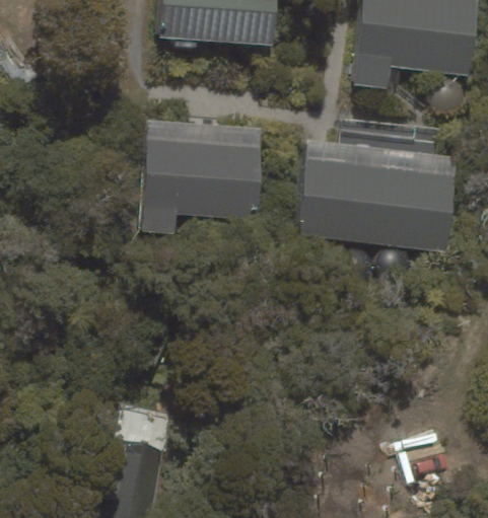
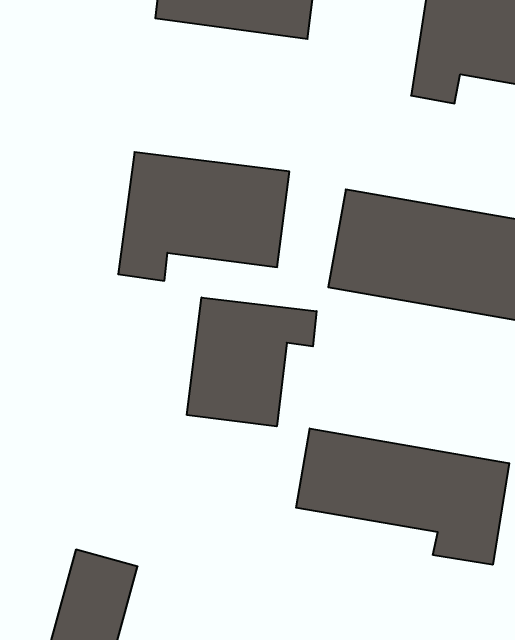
building: none -> [187,297,317,426]
building: none -> [296,428,509,565]

